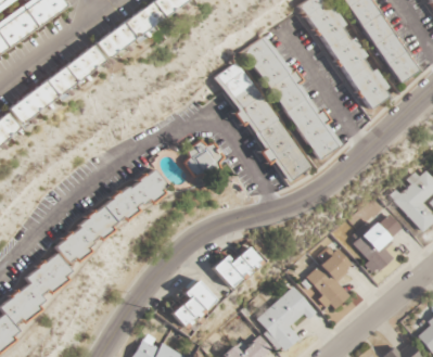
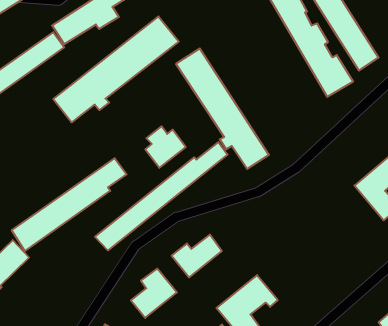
building: none -> [53,16,179,122]
building: [246,35,339,161] -> none
building: none -> [95,142,228,250]
building: [352,215,404,276] -> none
building: [301,248,355,313] -> none

